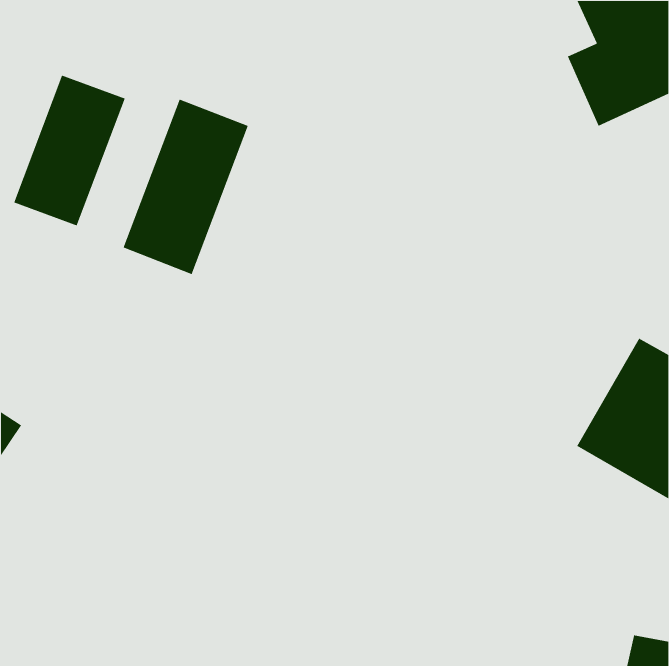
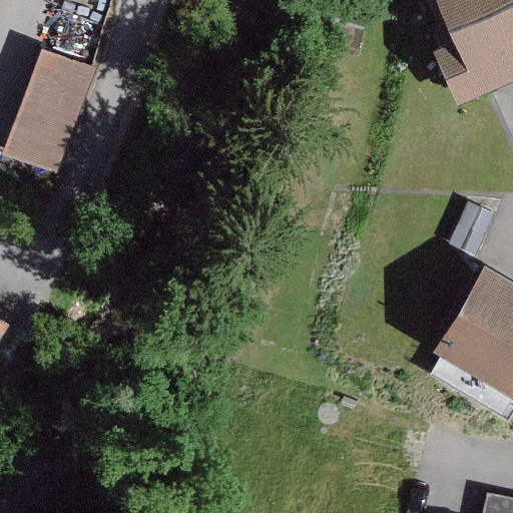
building: [123,98,249,275] -> none

